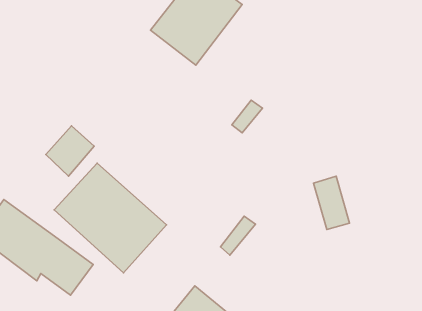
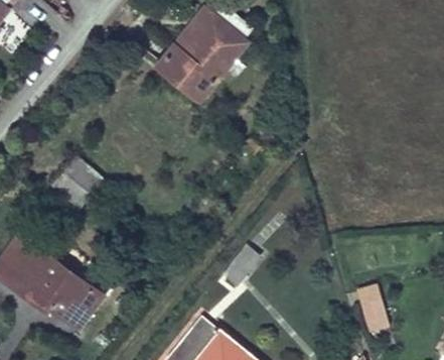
building: [54,163,166,273] -> none
building: [314,176,349,229] -> [355,280,391,333]

